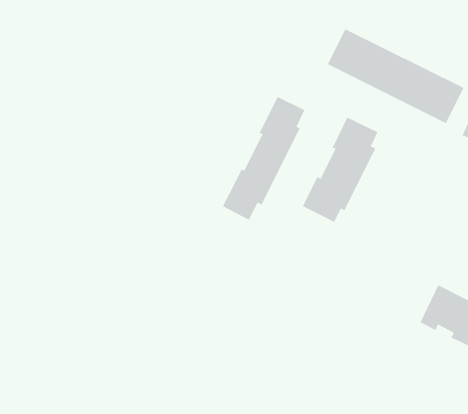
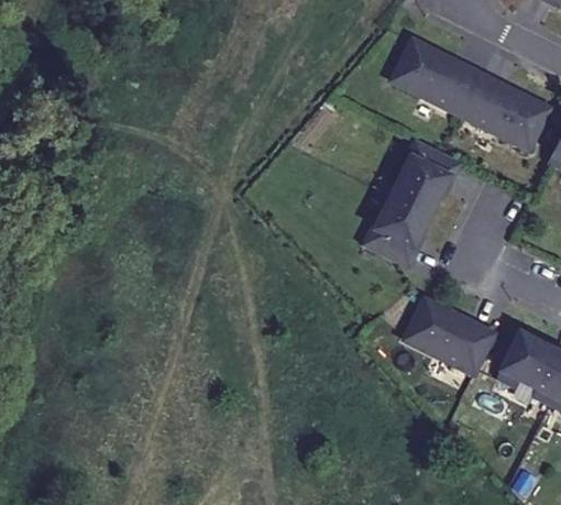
building: [222,96,306,221] -> none
building: none -> [406,298,495,374]

